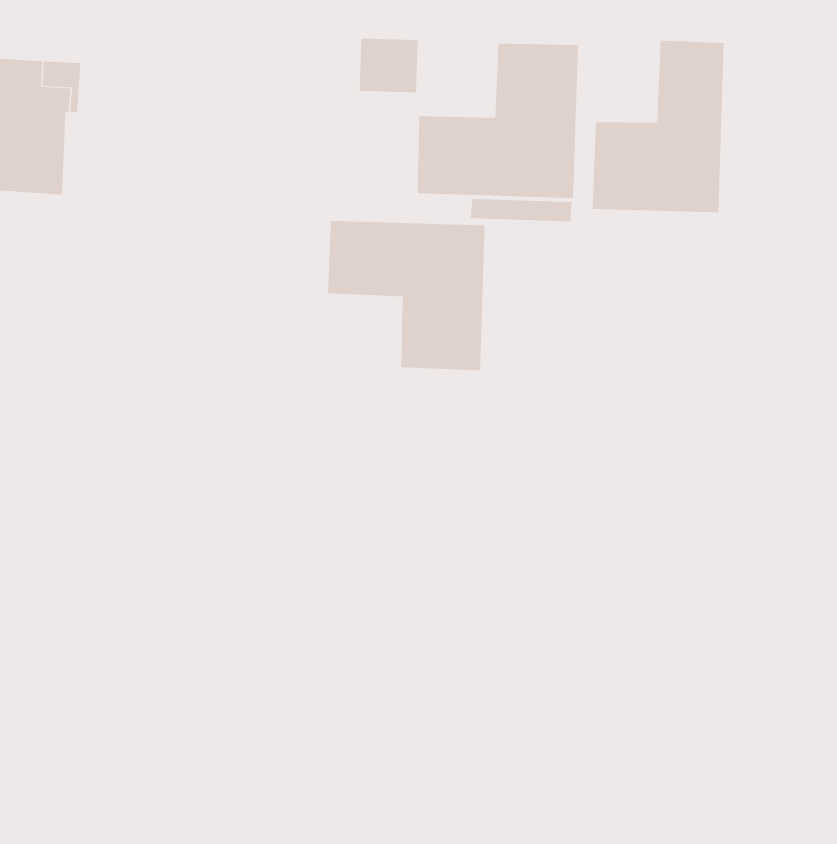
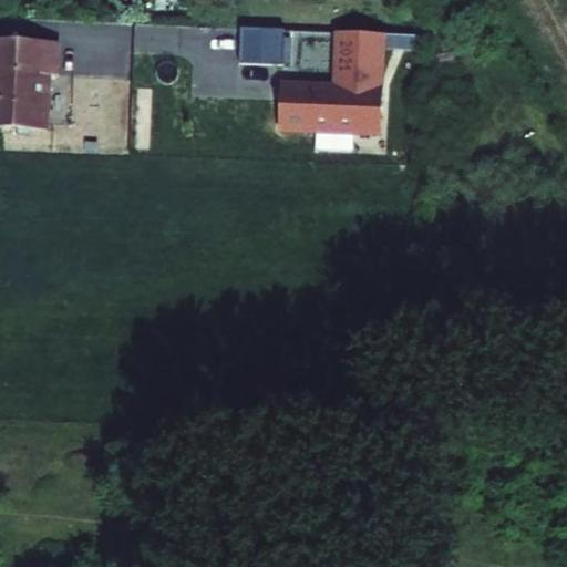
building: [592,40,724,213] -> none
building: [327,220,485,371] -> none

